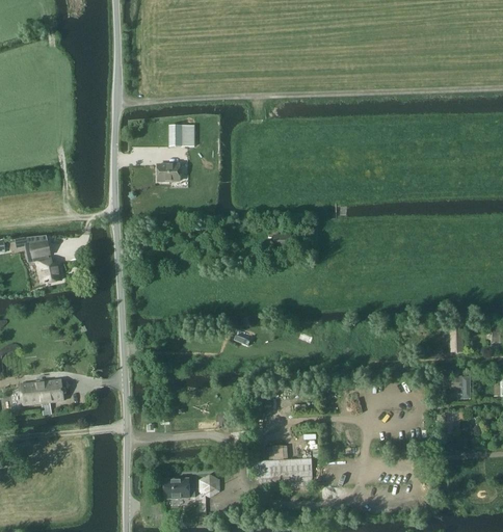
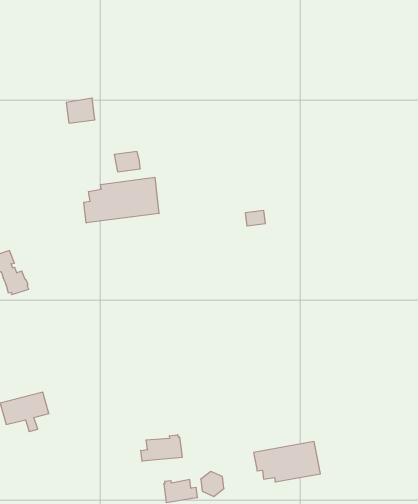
building: [169,124,194,144] -> [66,98,95,123]
building: none -> [84,177,159,223]
building: none -> [141,435,182,461]

